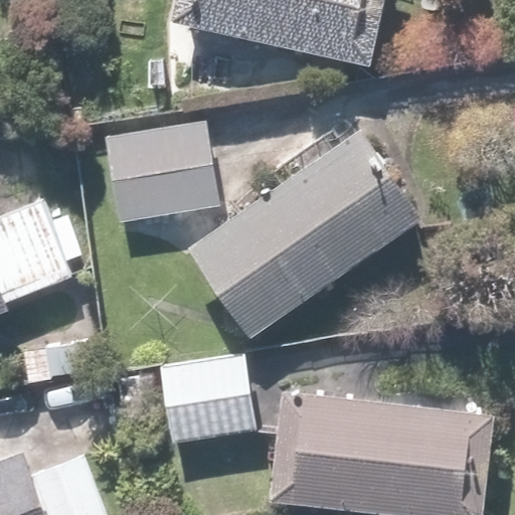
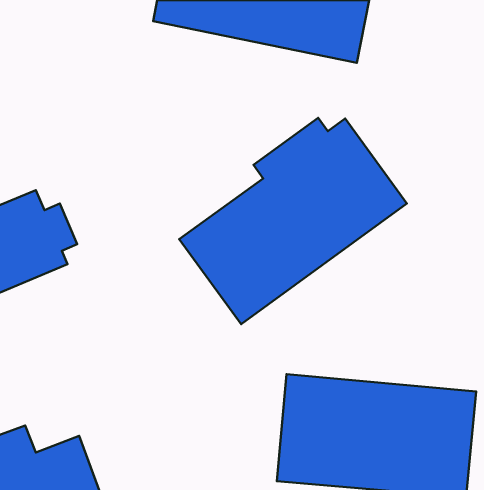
building: [100,117,218,224] -> none
building: [156,352,255,443] -> none

